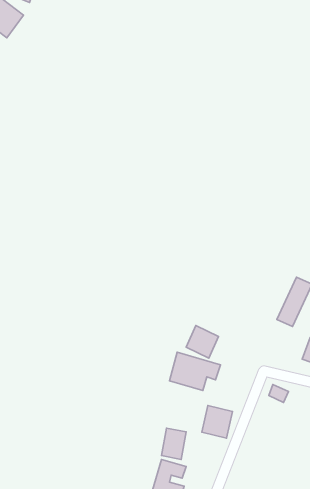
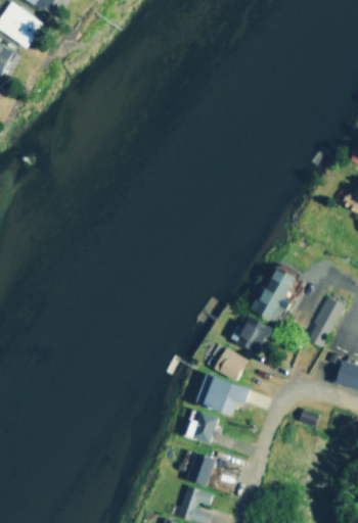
building: none -> [253,267,296,321]
building: none -> [230,316,271,353]
building: [202,406,232,438] -> [186,410,218,443]

